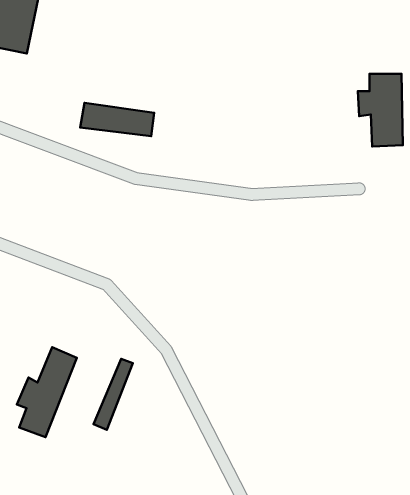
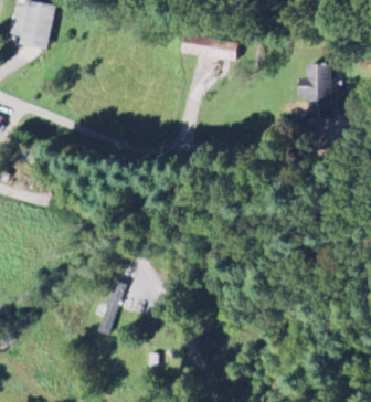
building: [80,103,154,136] -> [182,34,239,60]
building: [17,347,77,437] -> none

